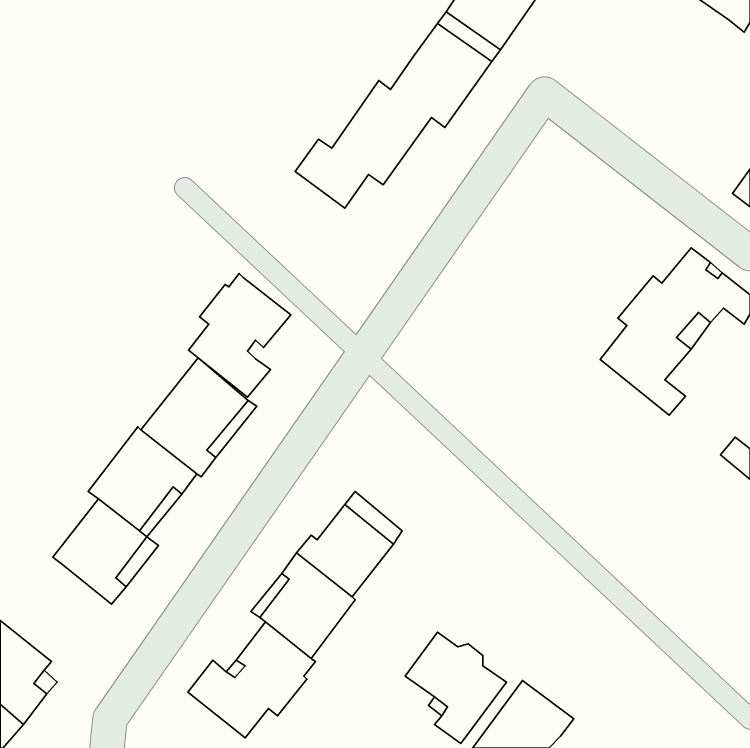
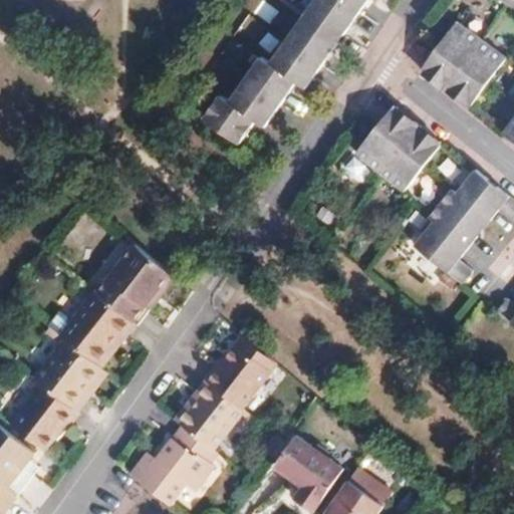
building: none -> [420,22,504,105]
building: none -> [353,108,438,191]
building: [188,274,291,397] -> none
building: none -> [14,388,79,452]

